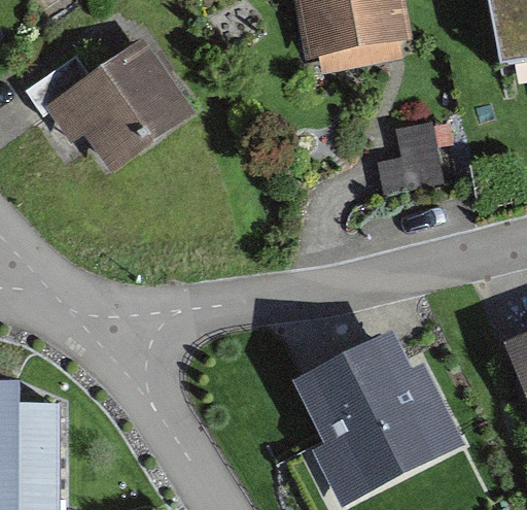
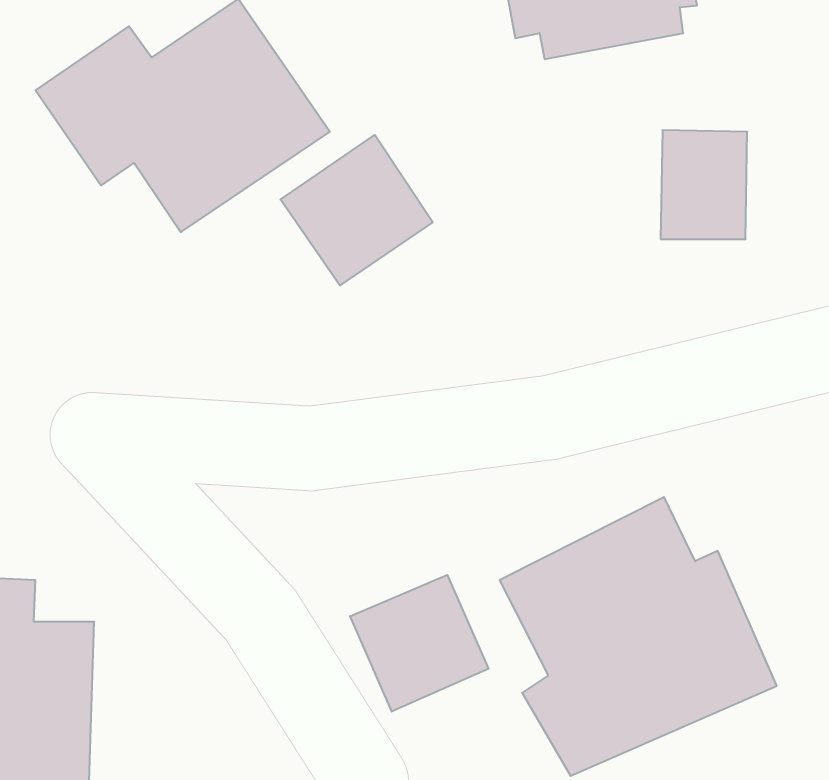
building: none -> [280,135,433,286]
building: none -> [350,575,488,712]

